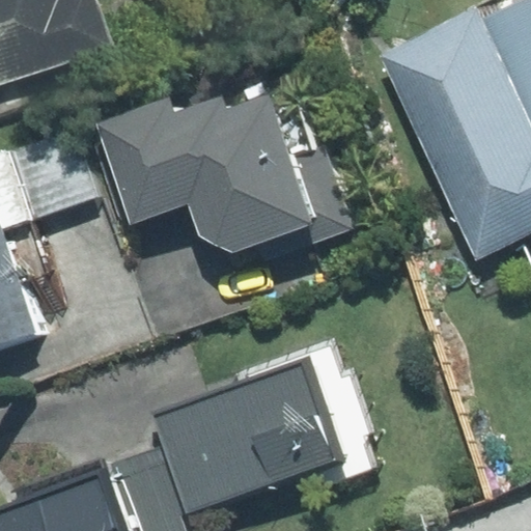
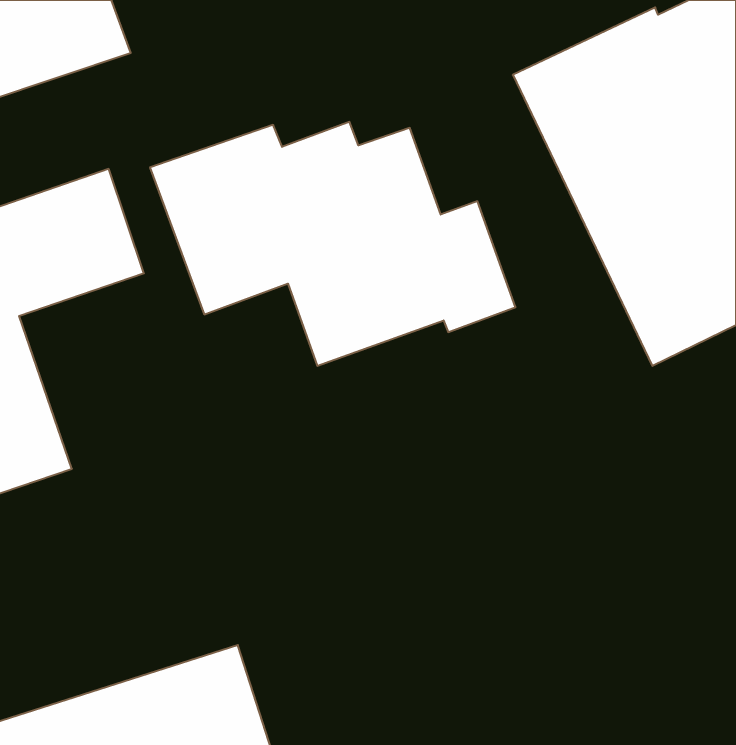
building: [162,354,361,513] -> none

